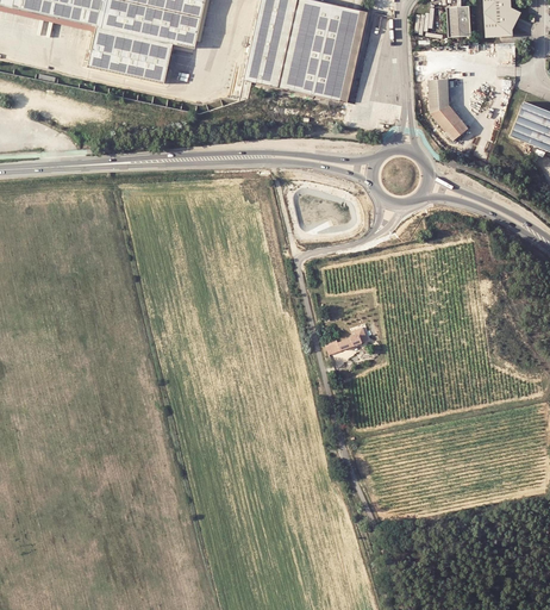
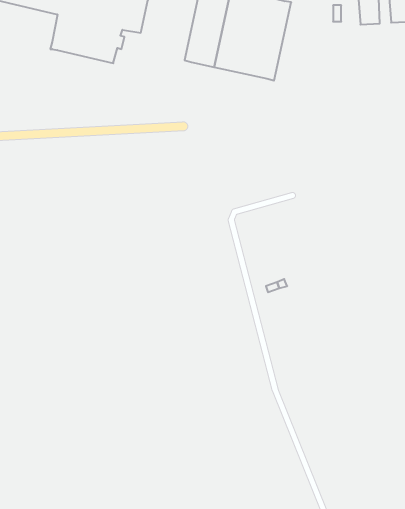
building: [431,79,469,141] -> none

